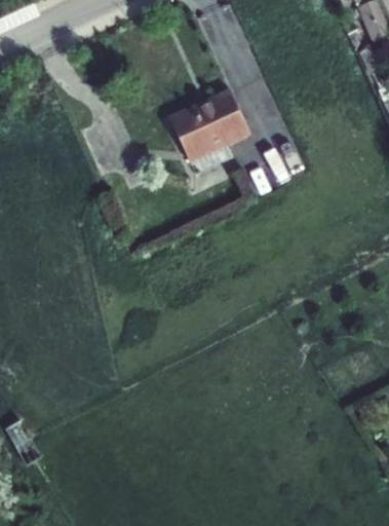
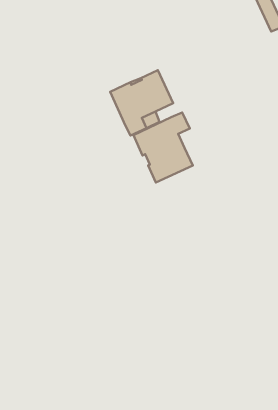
building: none -> [133,112,193,183]

